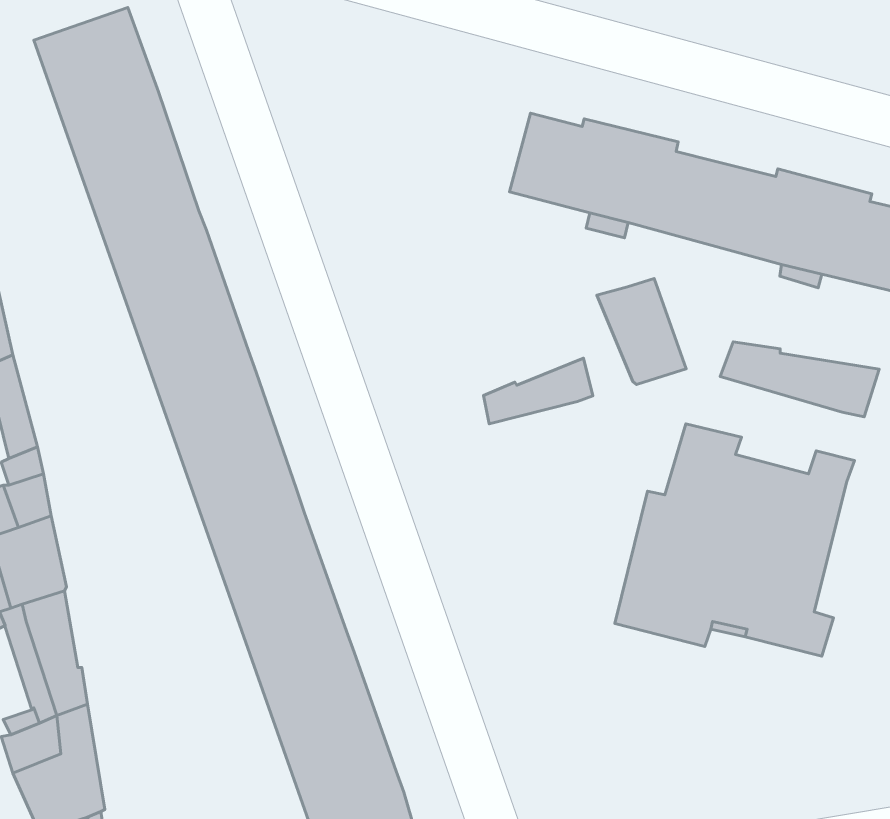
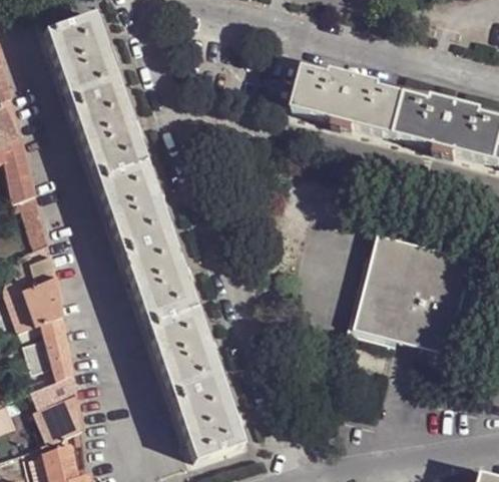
building: [597,279,686,385] -> none
building: [720,342,879,417] -> none
building: [483,358,593,424] -> none

